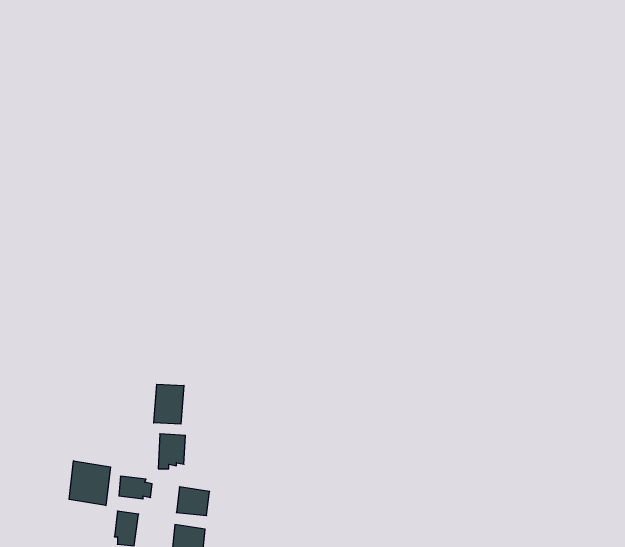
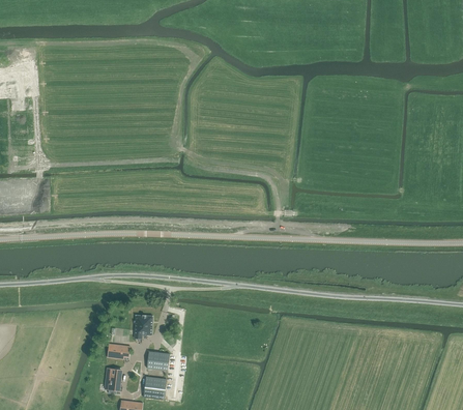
building: [154,384,184,424] -> none
building: [69,461,110,506] -> none

